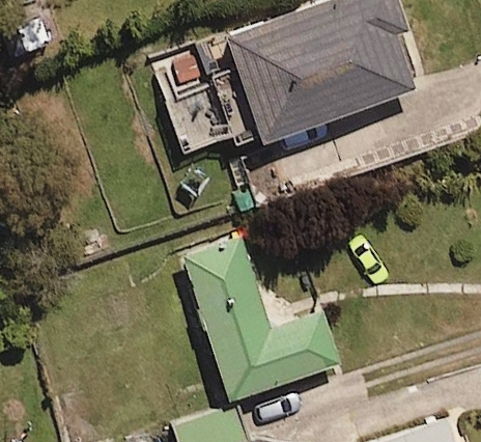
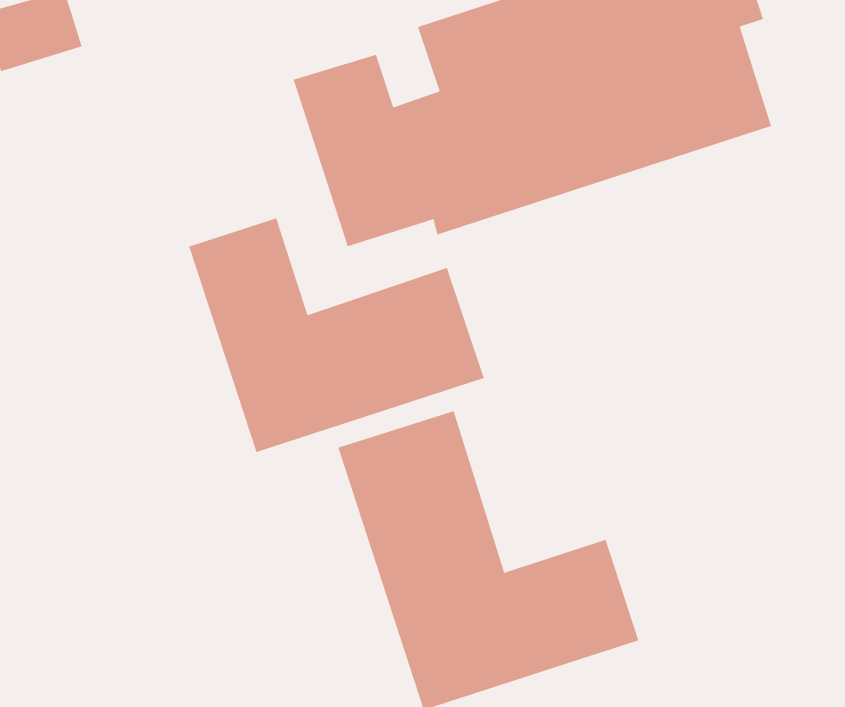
building: none -> [188,218,484,453]

